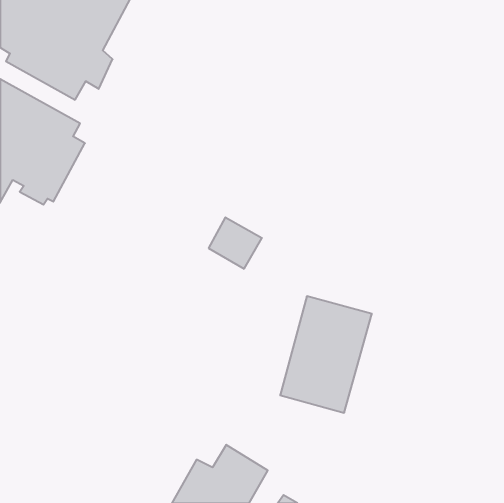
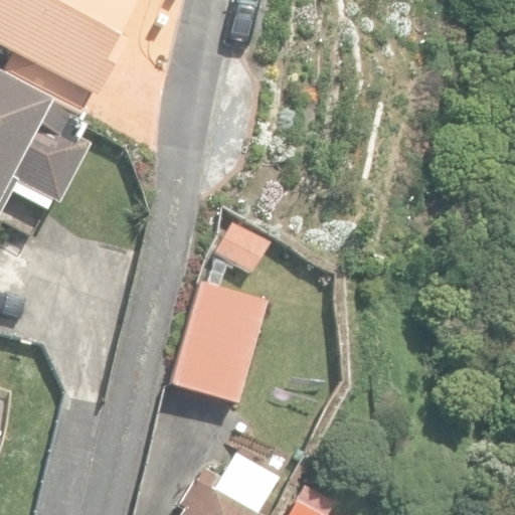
building: [280,296,372,413] -> [172,282,266,400]

